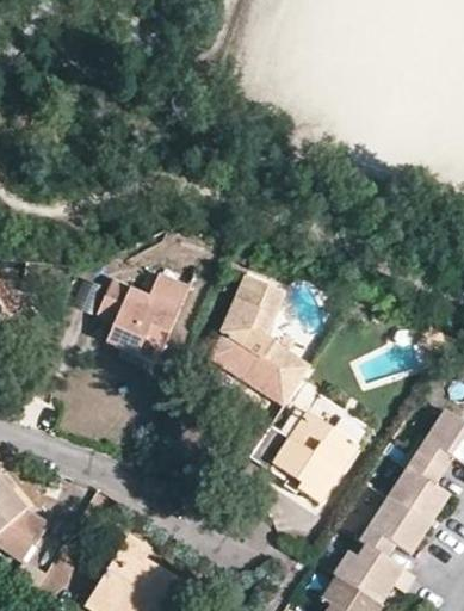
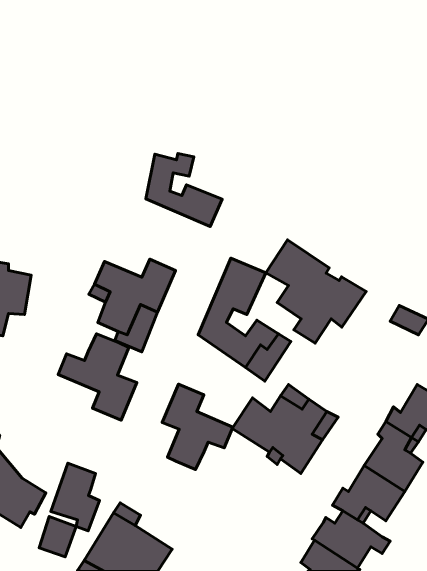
building: none -> [146,153,222,227]
building: none -> [266,240,366,343]
building: none -> [58,334,137,420]
building: none -> [162,384,233,470]
building: none -> [51,463,100,531]

